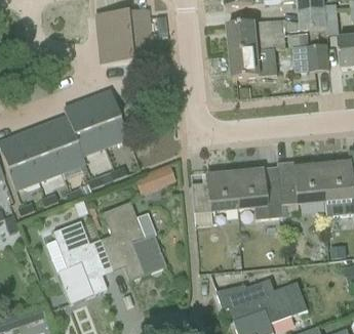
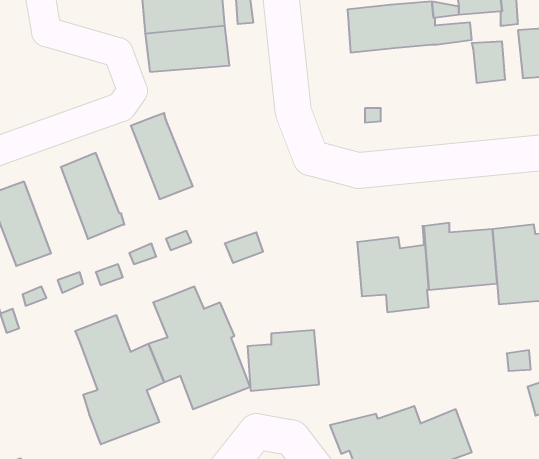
building: [230,46,277,78] -> none
building: [63,98,107,155] -> none
building: [19,125,61,180] -> none
building: [191,173,237,212] -> [247,330,319,391]

